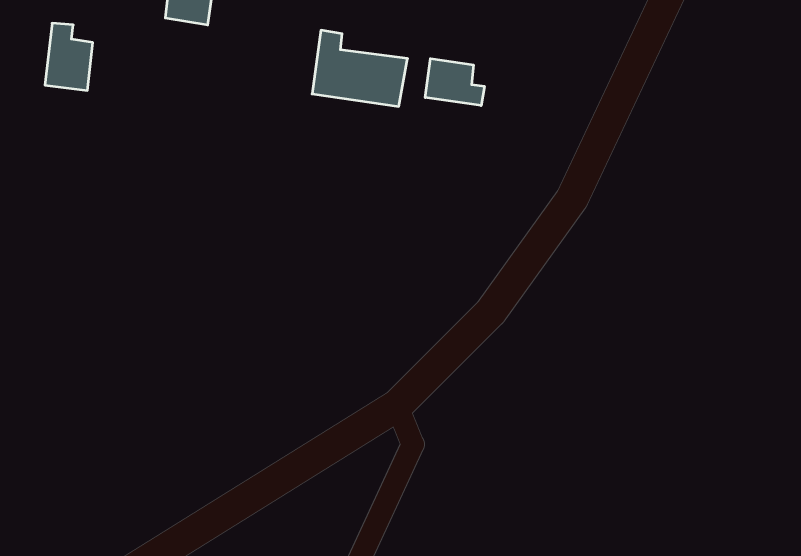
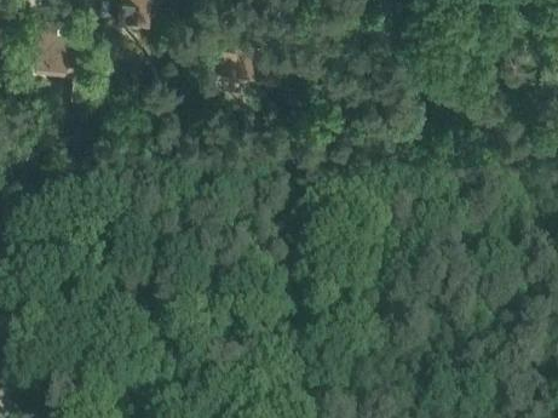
building: [425,59,484,106] -> none

